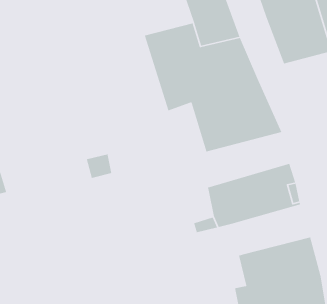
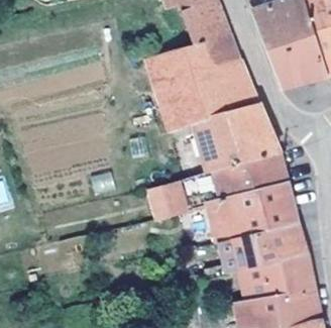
building: none -> [150,151,288,217]
building: none -> [234,221,308,268]

